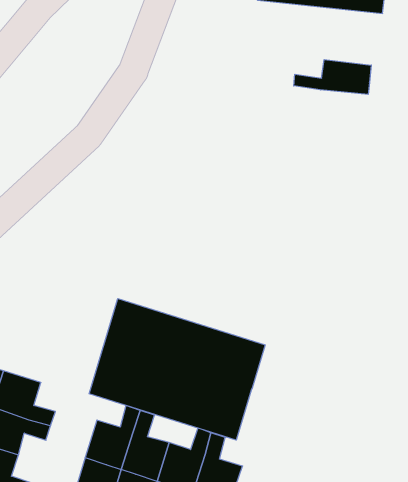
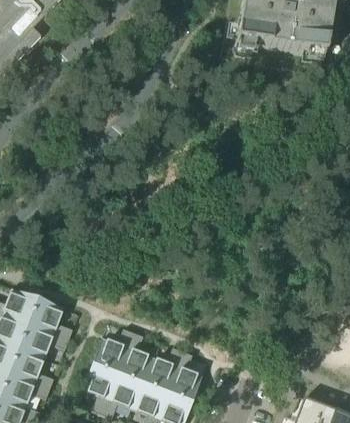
building: [294,60,371,94] -> none
building: [89,299,265,440] -> none

